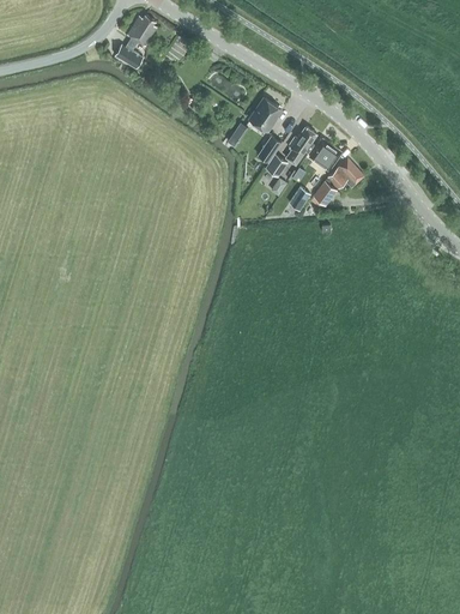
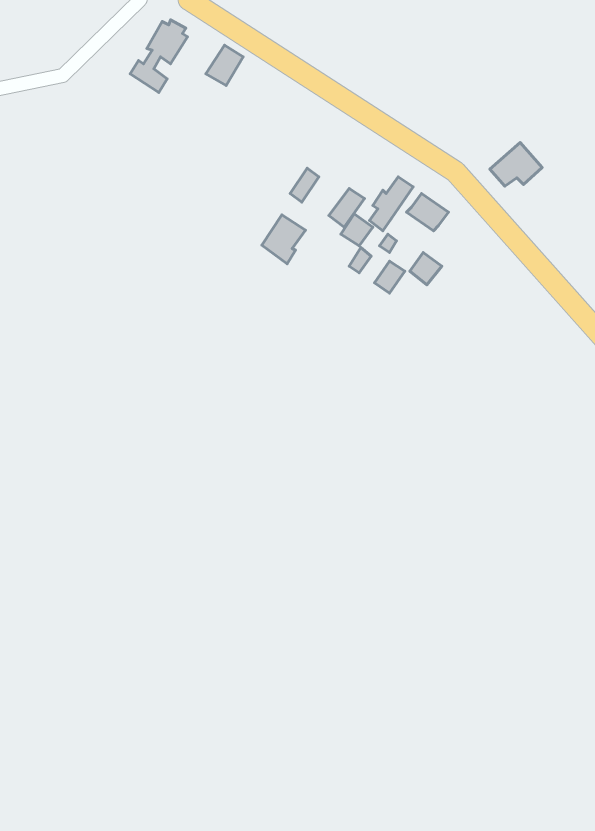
building: [248,98,279,133] -> [262,215,306,264]
building: [325,157,362,188] -> [490,142,542,186]

